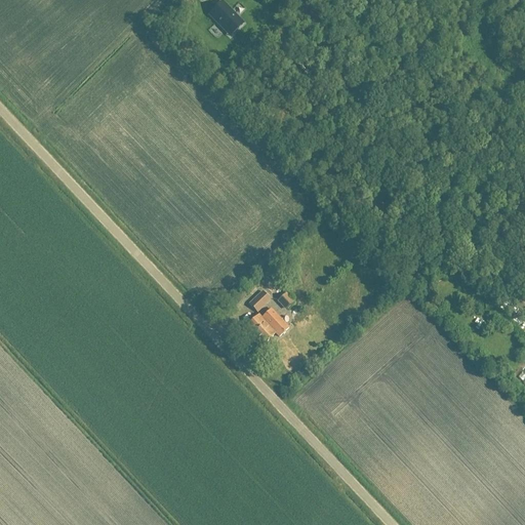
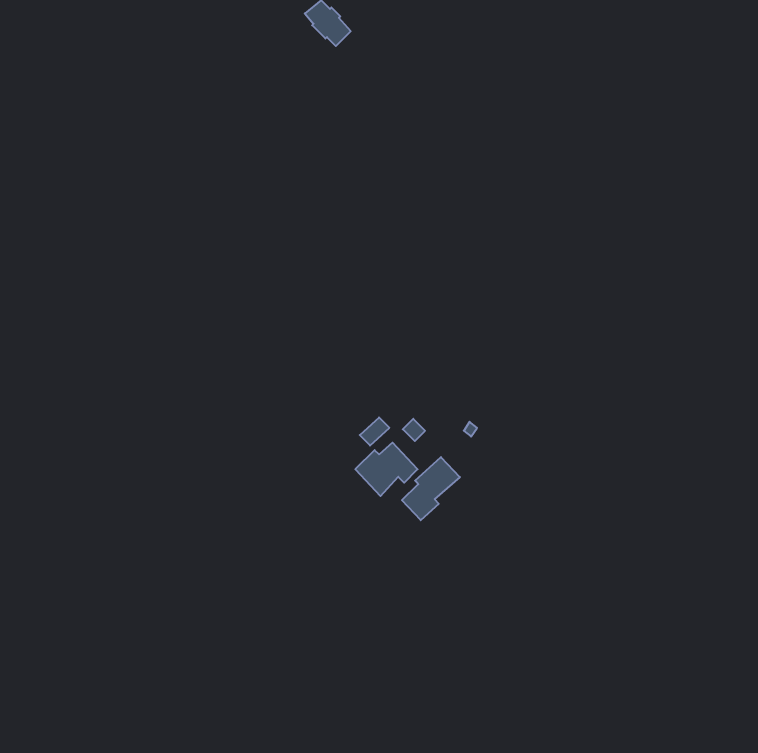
building: none -> [402,457,460,520]

